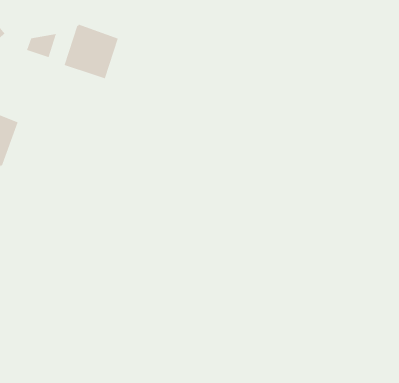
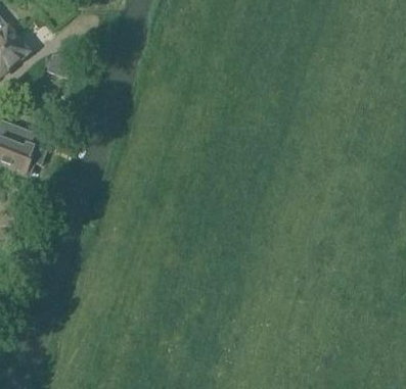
building: [64,24,119,79] -> none

